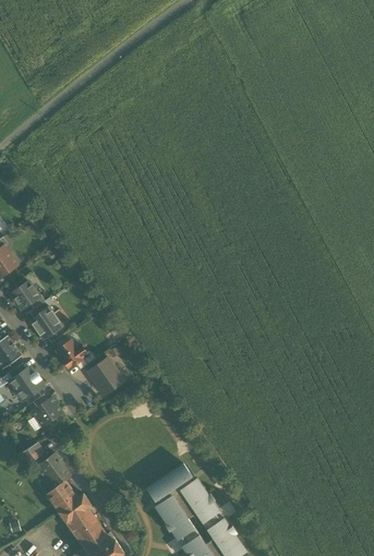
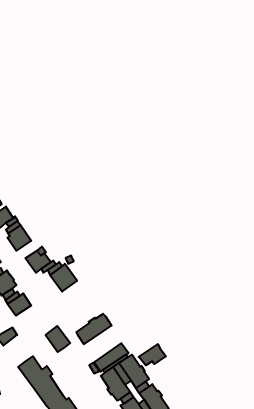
building: none -> [76,314,112,344]
building: [39,452,72,487] -> [46,326,70,352]
building: none -> [139,344,166,365]

